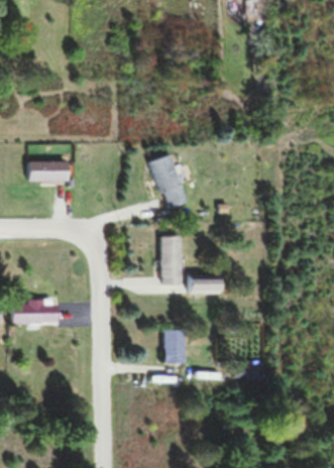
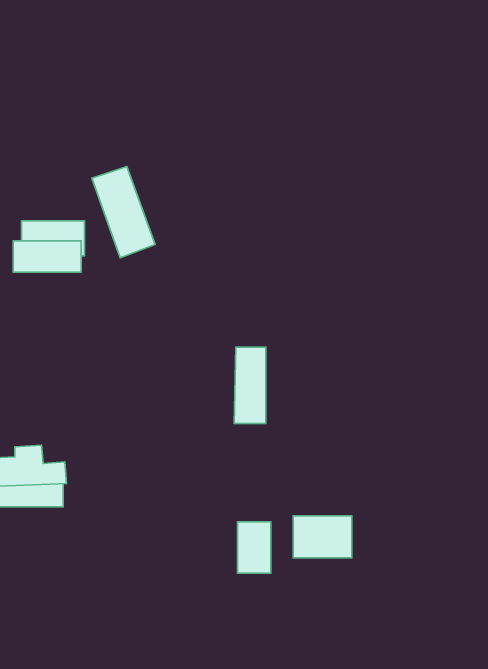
building: [150,152,189,208] -> [92,167,155,258]
building: [189,270,222,294] -> none
building: none -> [293,516,352,558]

